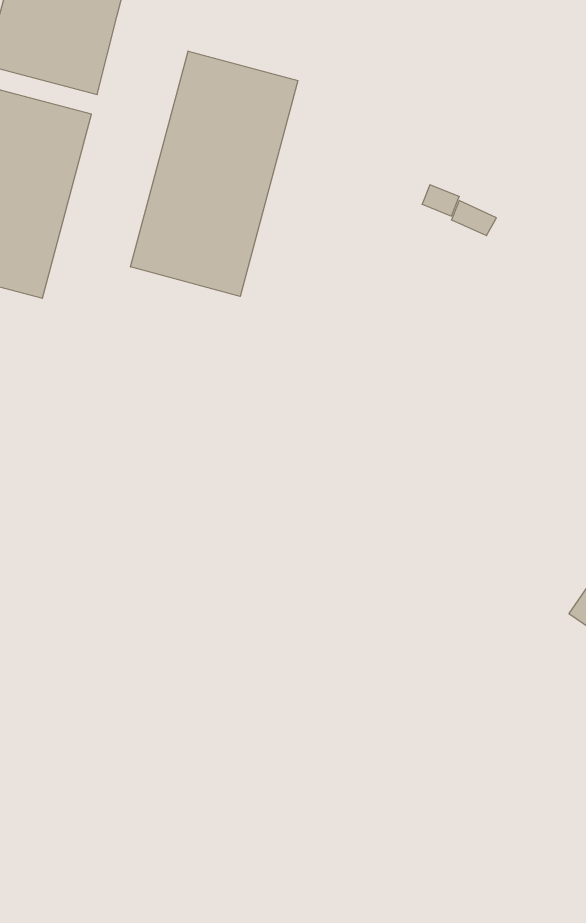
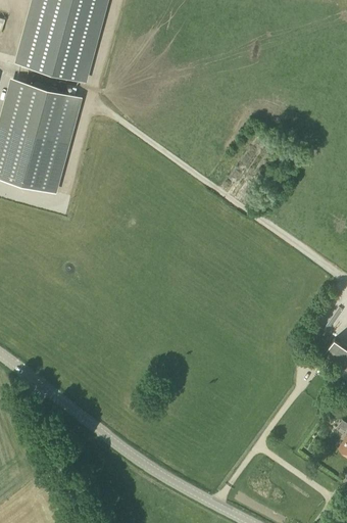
building: [131,51,298,296] -> none

